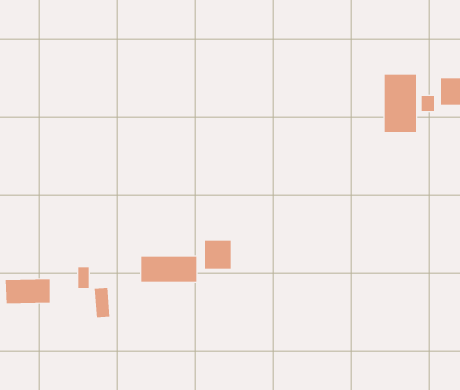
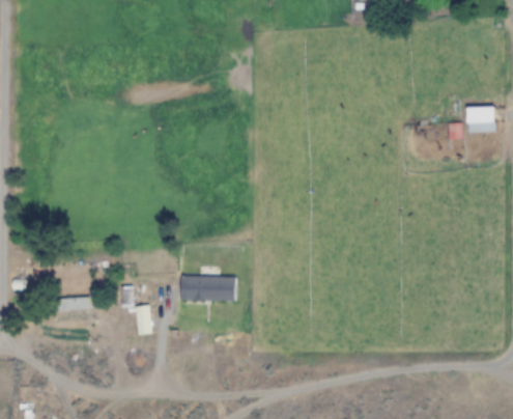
building: [384,74,417,133] -> none
building: [204,240,231,270] -> none

